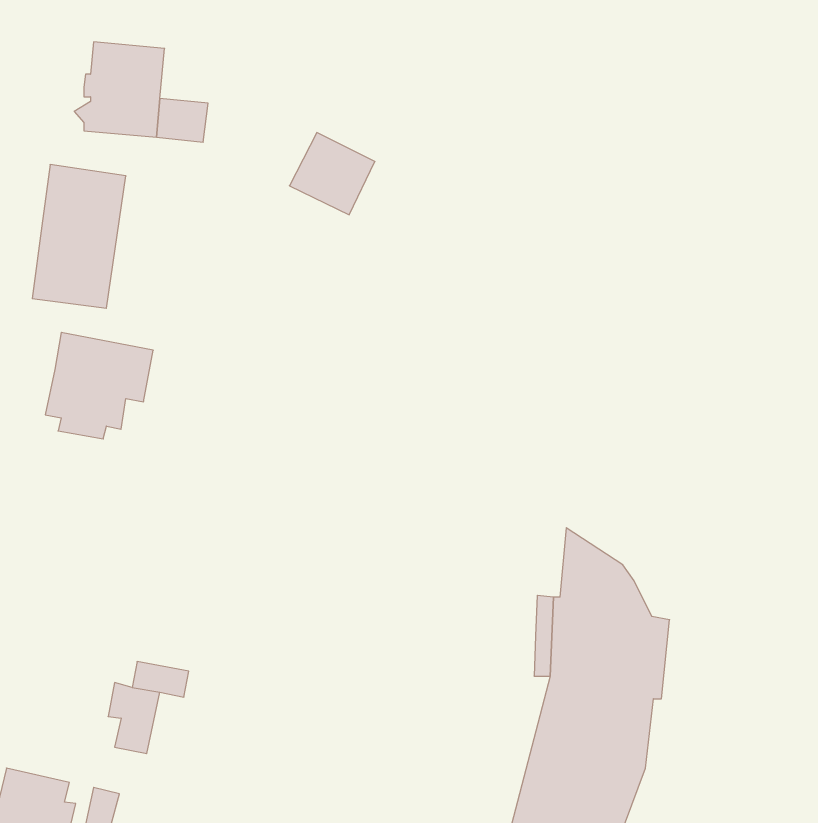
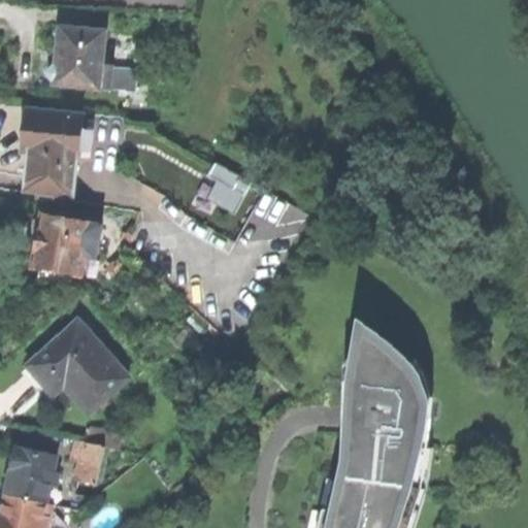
building: [289,133,375,215] -> [196,161,251,213]
building: none -> [26,320,127,410]
building: none -> [4,446,58,501]

